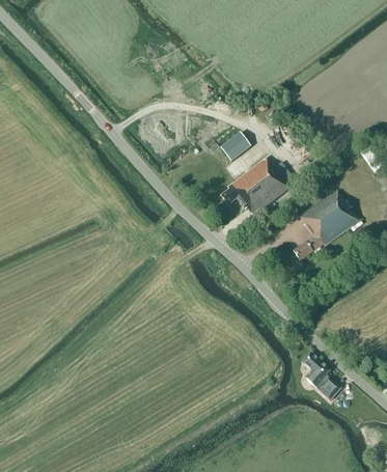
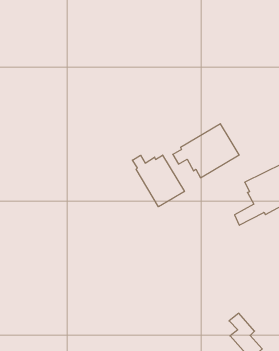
building: [220,132,250,161] -> none
building: none -> [132,155,184,207]

